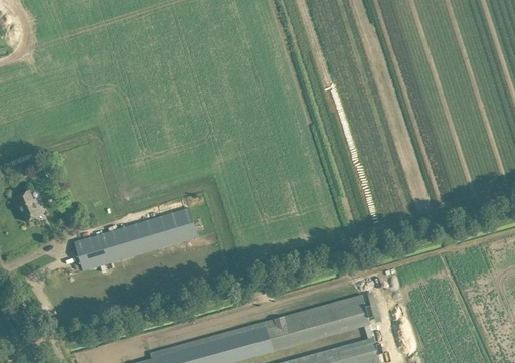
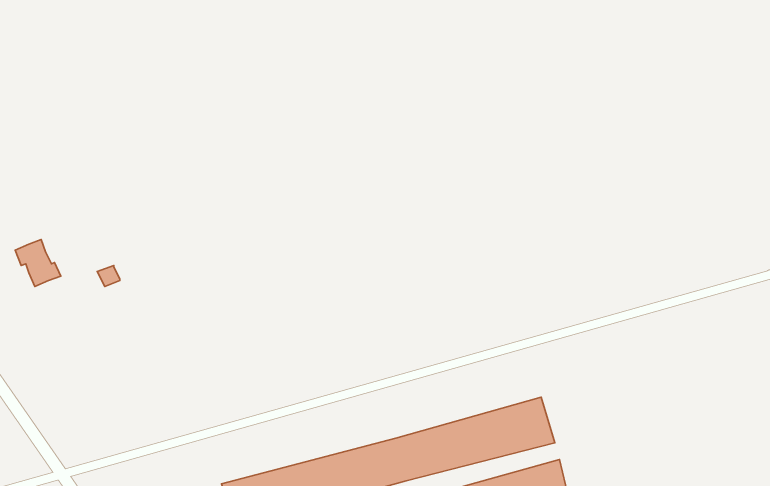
building: [74,207,198,269] -> none

